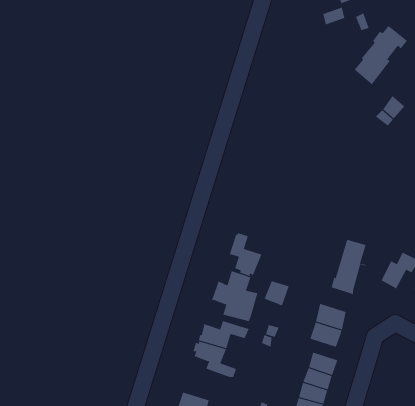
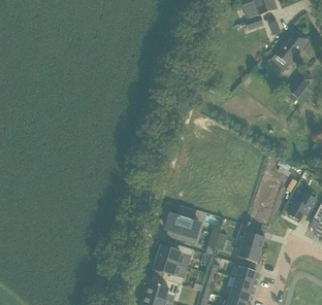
building: [229,232,262,277] -> none
building: none -> [144,277,179,300]

